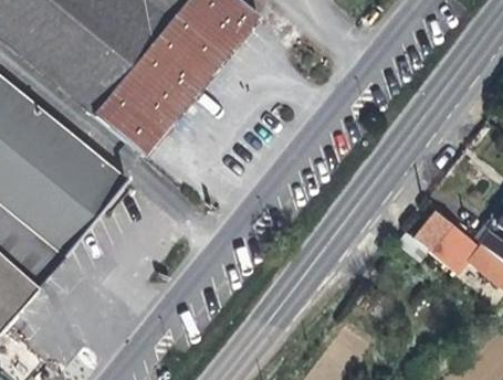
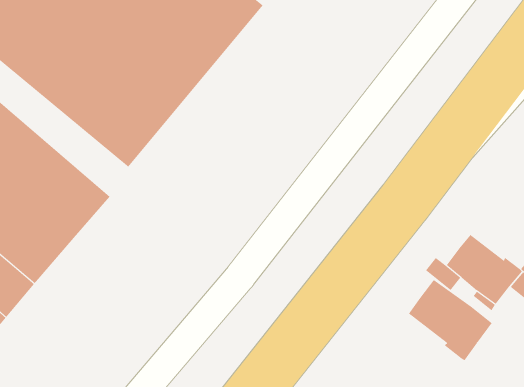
building: none -> [408,279,493,361]

